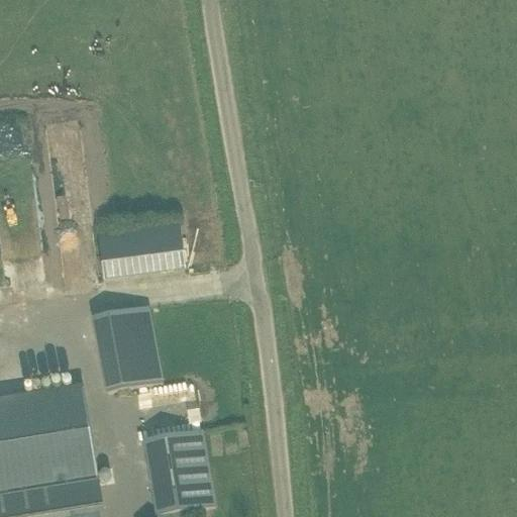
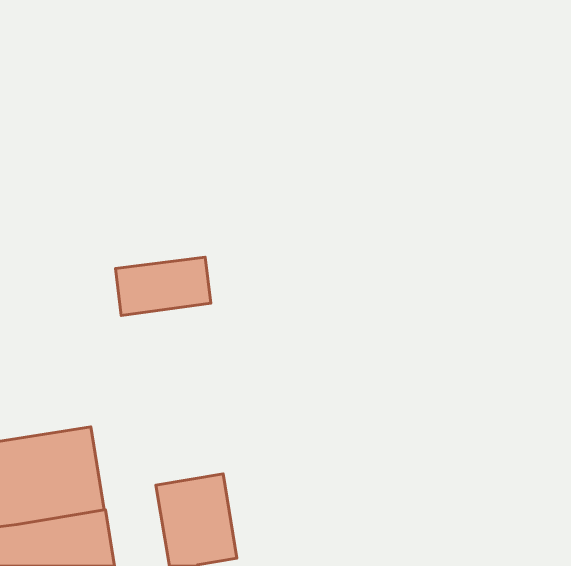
building: [89,302,163,389] -> none

